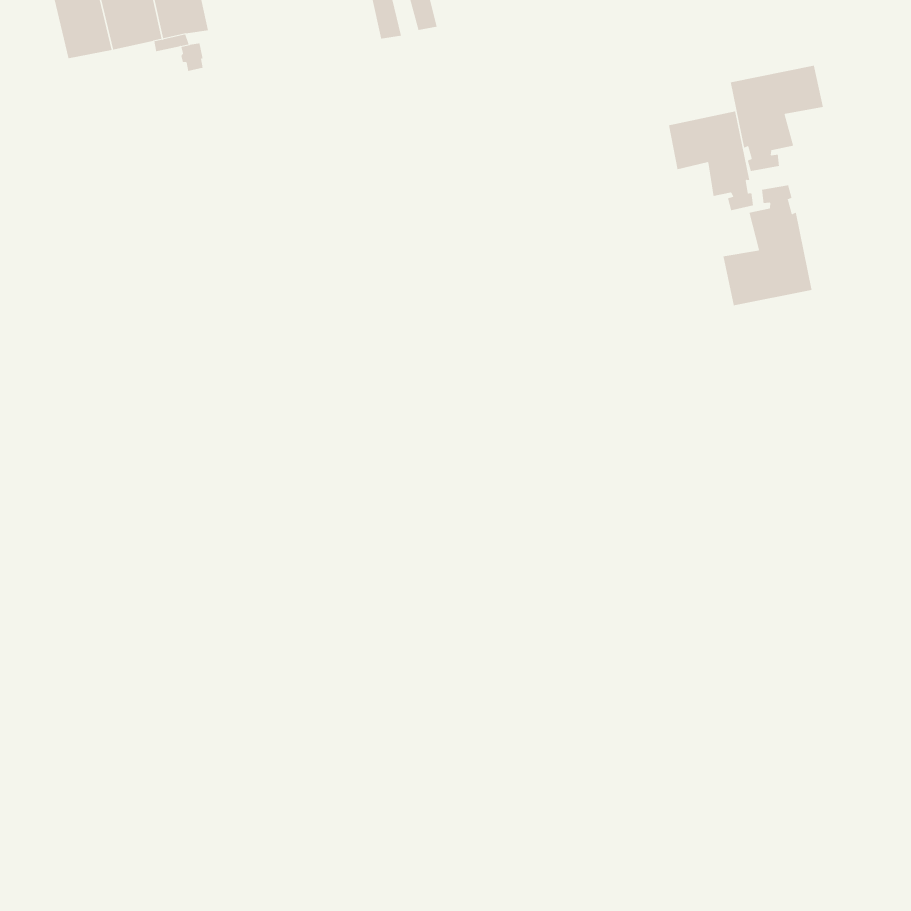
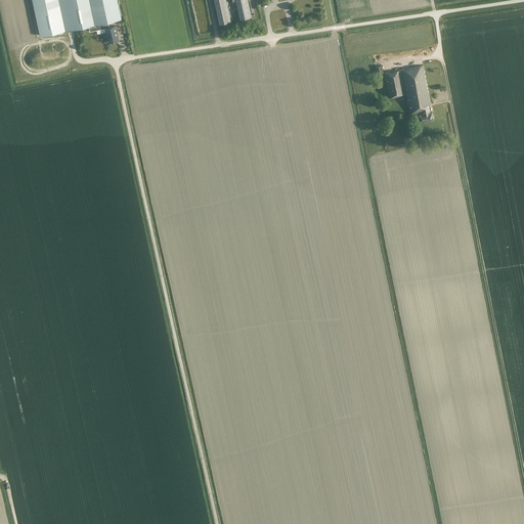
building: [730,65,823,172] -> none
building: [723,184,812,306] -> none

